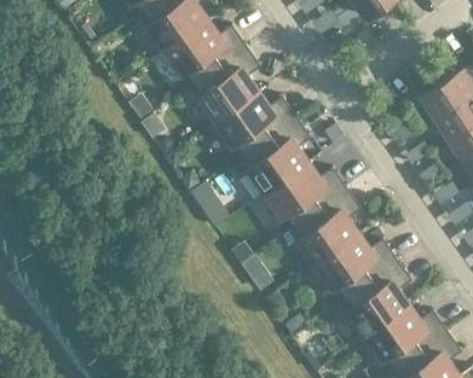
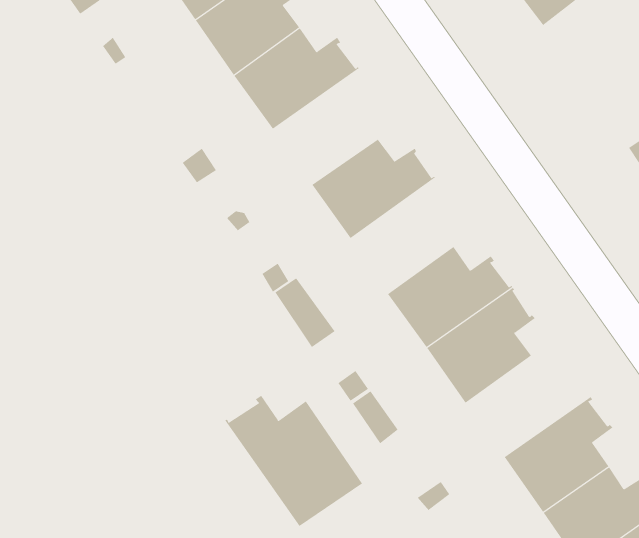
building: [189,45,260,121] -> none
building: [240,116,310,192] -> none
building: [315,232,397,298] -> none
building: none -> [225,395,363,527]

